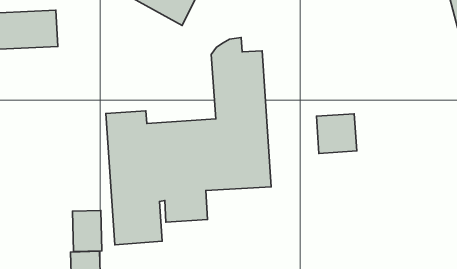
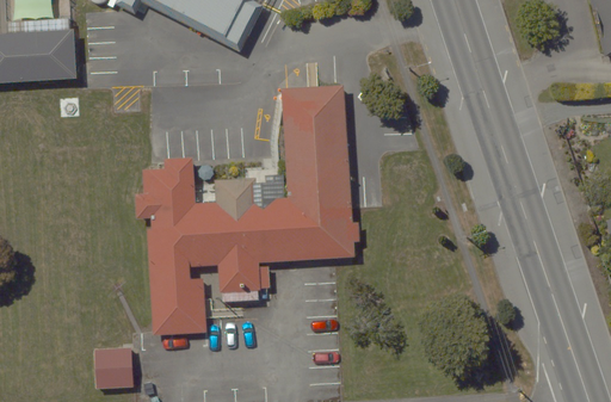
building: [316,114,357,154] -> none
building: [72,210,102,251] -> none

